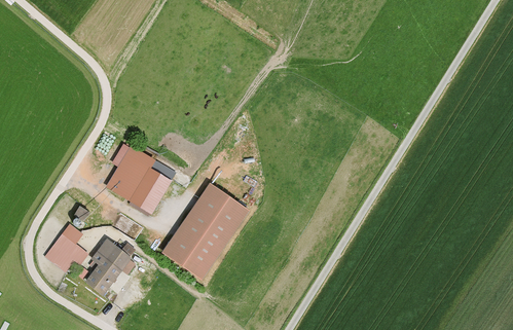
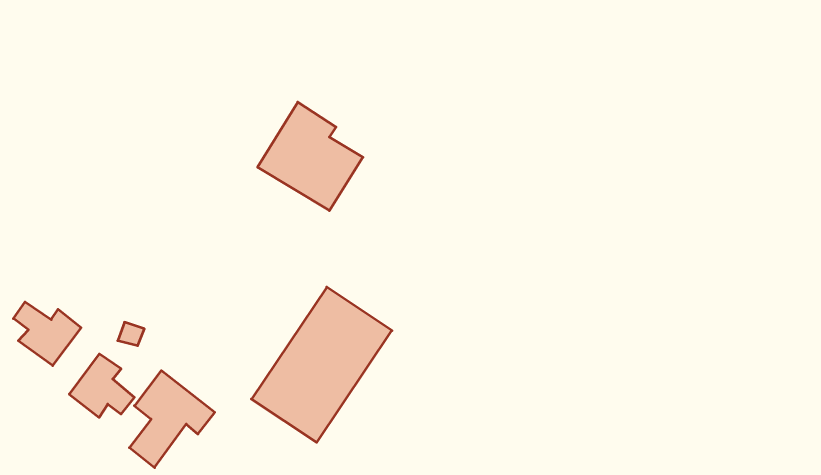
building: [106,146,171,213] -> [258,102,363,211]
building: none -> [13,302,81,366]

